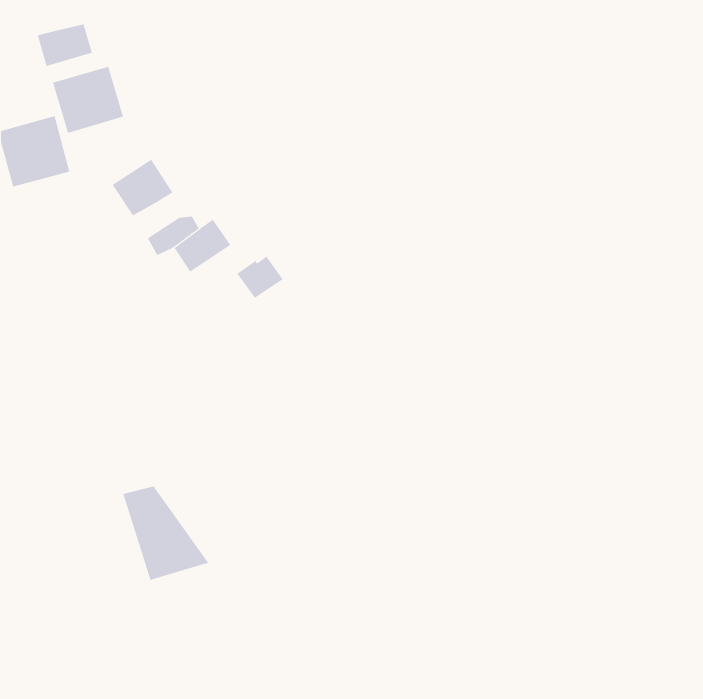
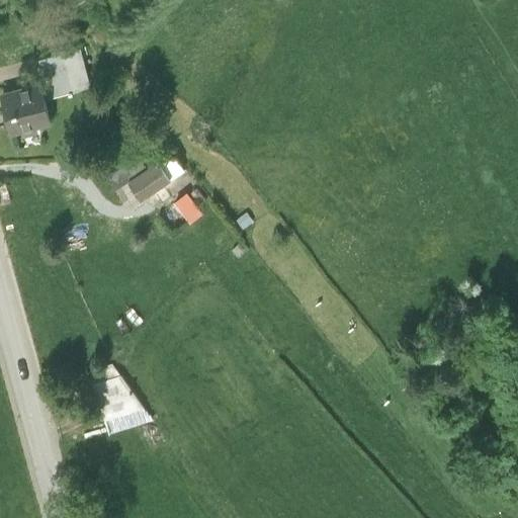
building: [37,23,93,67] -> none
building: [112,159,173,216] -> none

